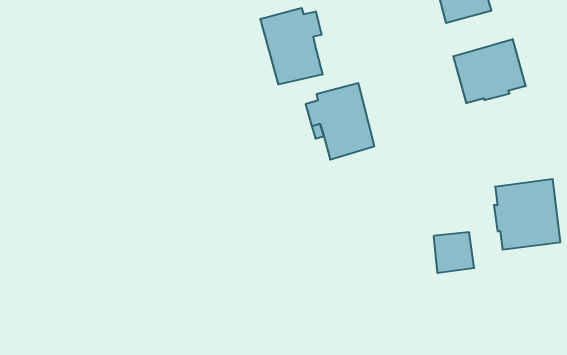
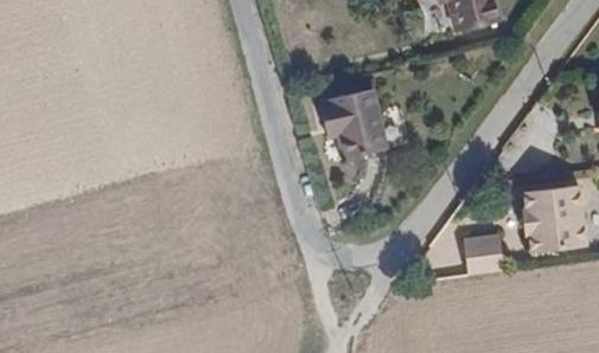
building: [260,8,323,84] -> none
building: [453,39,526,103] -> none

